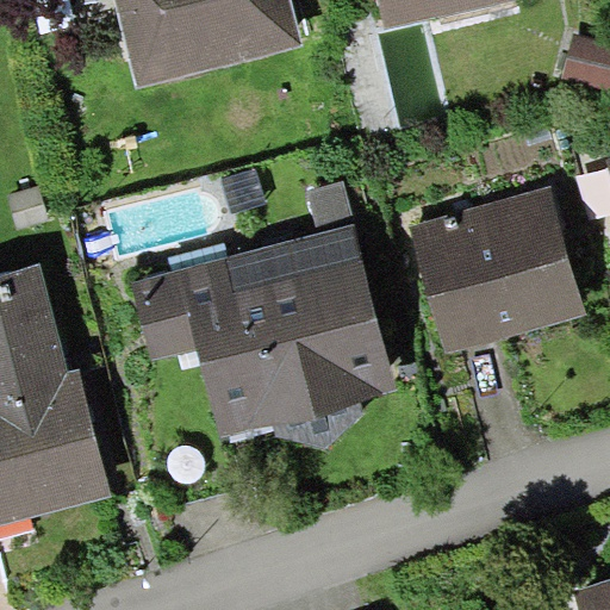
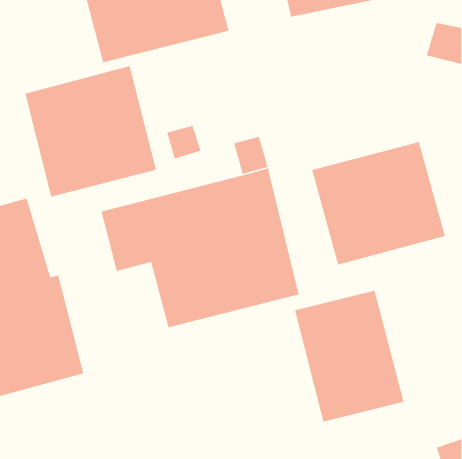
building: none -> [24,65,157,197]
building: none -> [294,290,405,423]

